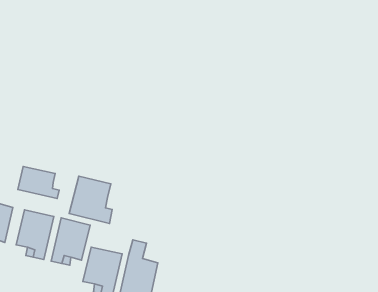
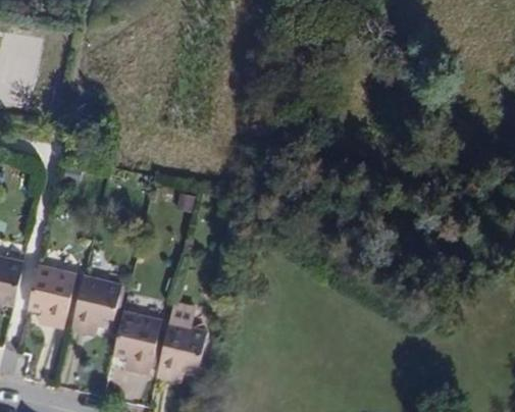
building: [18,166,59,199] -> none
building: [69,176,112,224] -> none

